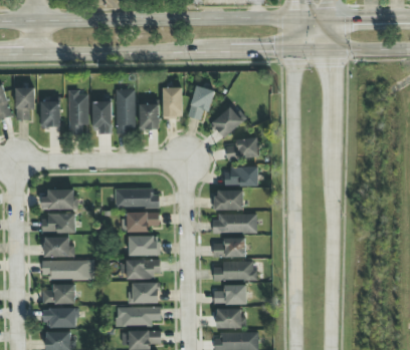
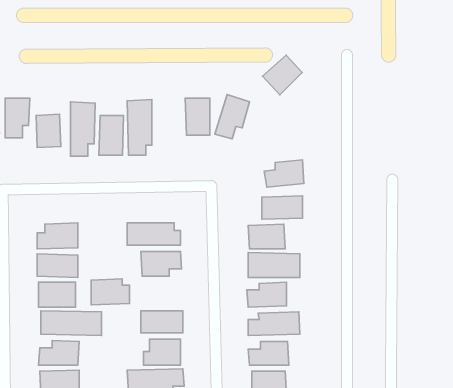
building: [138,103,159,129] -> none
building: [210,106,242,138] -> [263,55,302,95]
building: [128,235,159,256] -> [91,279,129,305]

